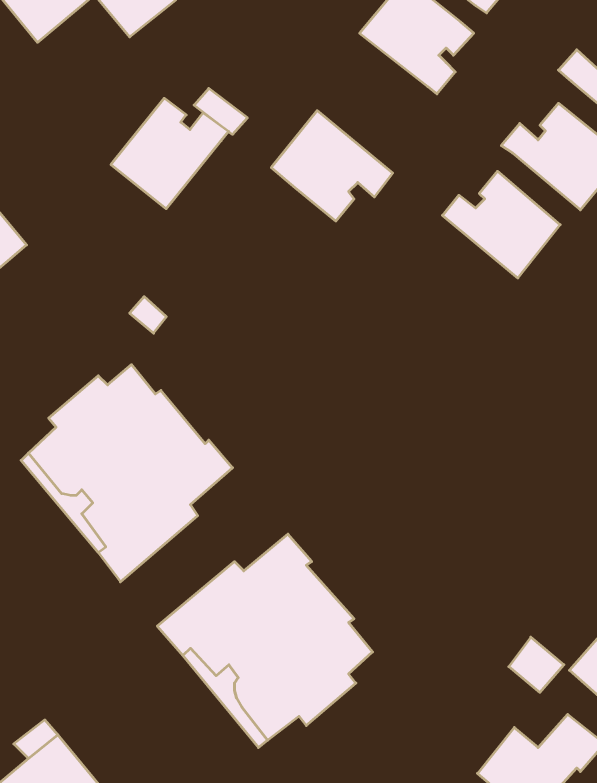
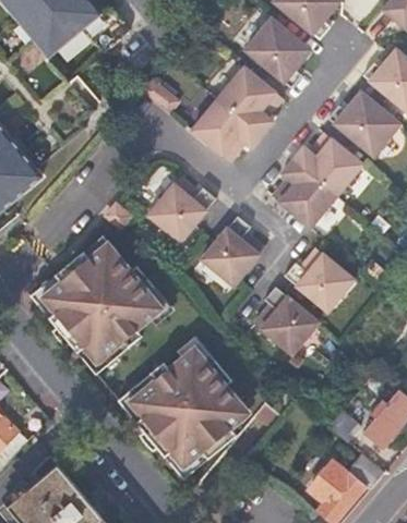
building: none -> [215,66,279,133]
building: [111,98,229,209] -> [144,179,214,244]
building: none -> [271,158,334,228]
building: none -> [197,215,262,287]
building: none -> [282,248,350,309]
building: none -> [252,285,318,353]

